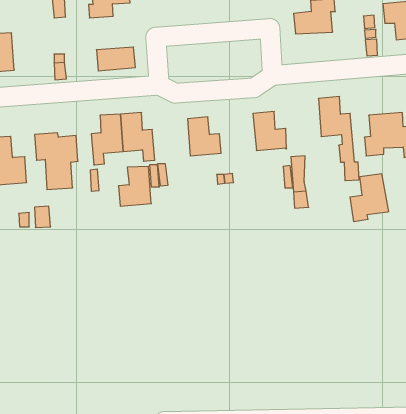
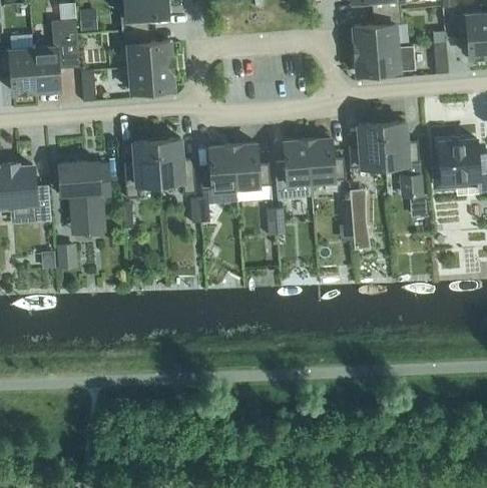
building: none -> [33,19,79,91]
building: none -> [121,30,171,68]
building: none -> [355,46,415,74]
building: none -> [348,123,384,169]
building: none -> [274,140,312,199]
building: [118,166,151,206] -> [198,146,235,191]
building: [350,174,388,222] -> none

